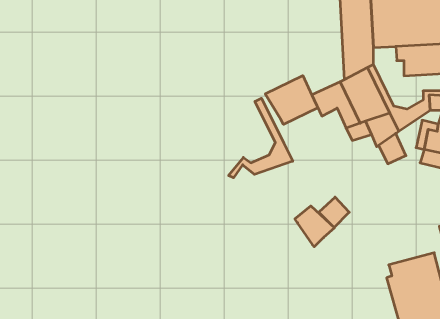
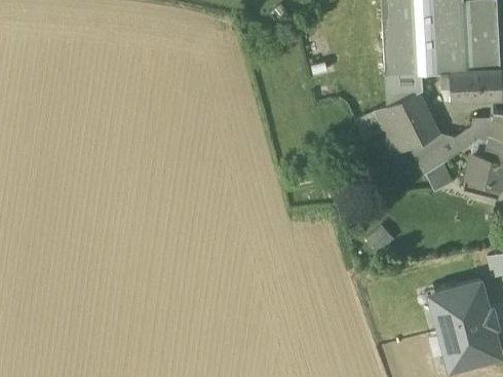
building: [265,76,318,124] -> none
building: [229,98,293,178] -> none
building: [295,206,334,247] -> none

